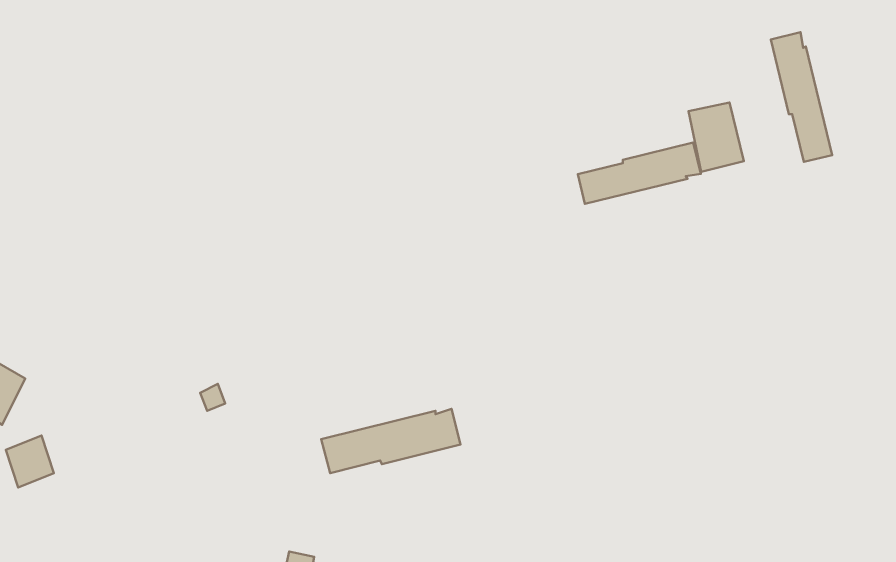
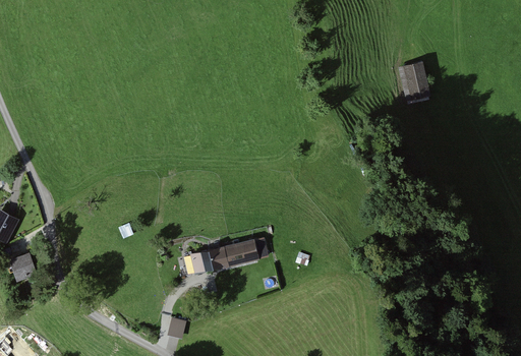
building: [771,32,832,162] -> none
building: [578,143,701,204] -> none

